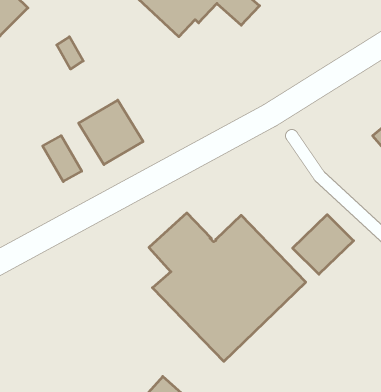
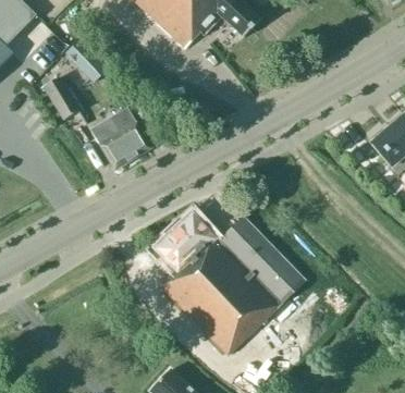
building: [43,136,82,182] -> [44,76,81,120]
building: [293,215,354,274] -> none

